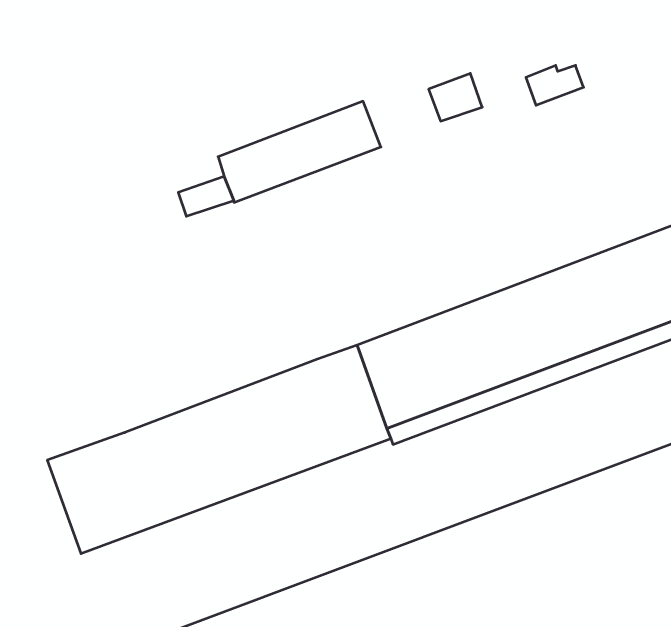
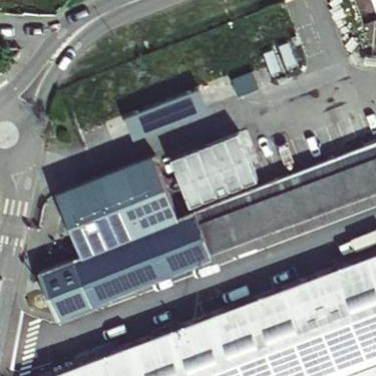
building: none -> [173,135,260,209]
building: none -> [59,156,179,256]

